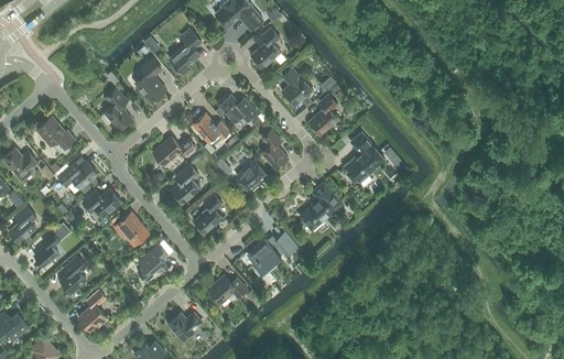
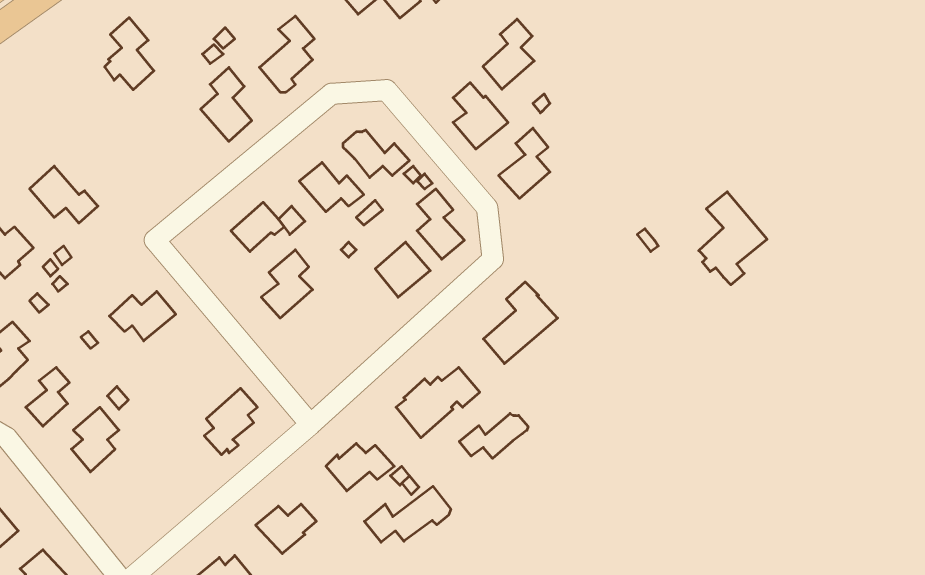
building: [250,28,280,68] -> [483,19,534,89]
building: [101,88,130,130] -> [105,18,154,90]
building: [345,132,384,186] -> [699,192,767,285]
building: [57,161,98,194] -> none
building: [193,194,221,233] -> none
building: [113,216,148,243] -> none
building: none -> [459,413,528,458]
building: [77,290,106,330] -> none
building: none -> [364,486,451,542]

